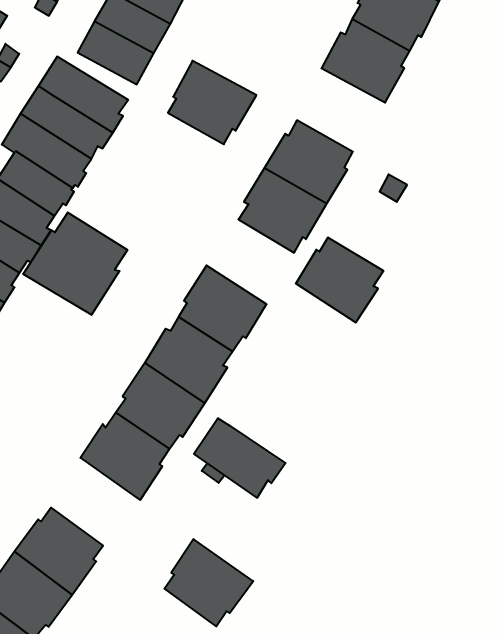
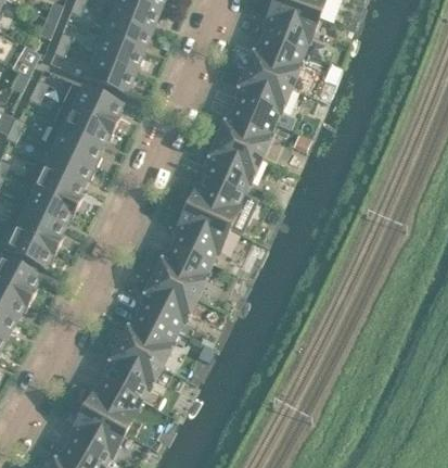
building: [168,61,256,144] -> [233,71,290,123]
building: [23,212,127,315] -> none
building: [296,238,384,322] -> [185,176,242,229]
building: [194,418,286,498] -> none
building: [164,539,253,626] -> [103,344,161,400]

